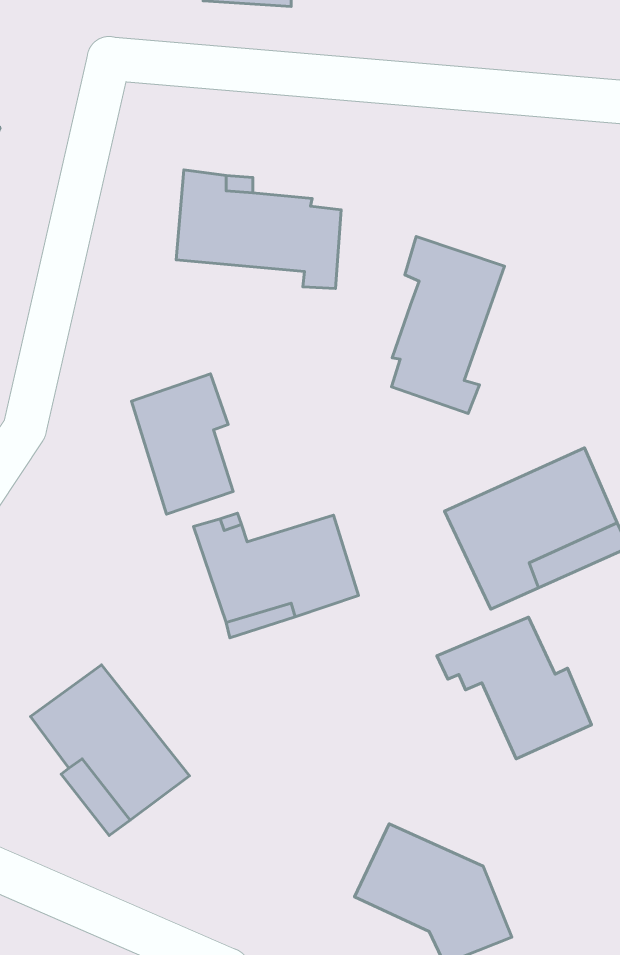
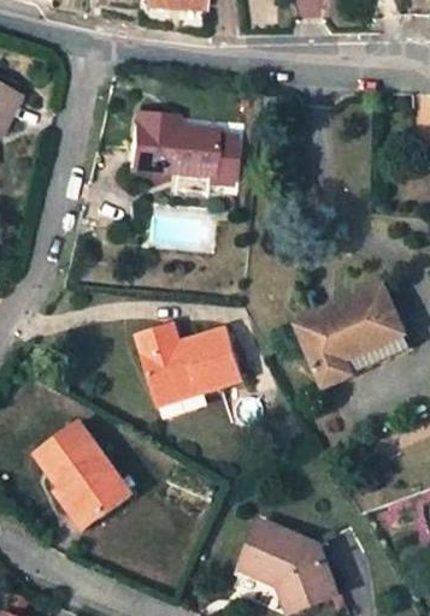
building: [391,237,505,413] -> none
building: [132,374,233,514] -> none
building: [437,617,592,759] -> none

